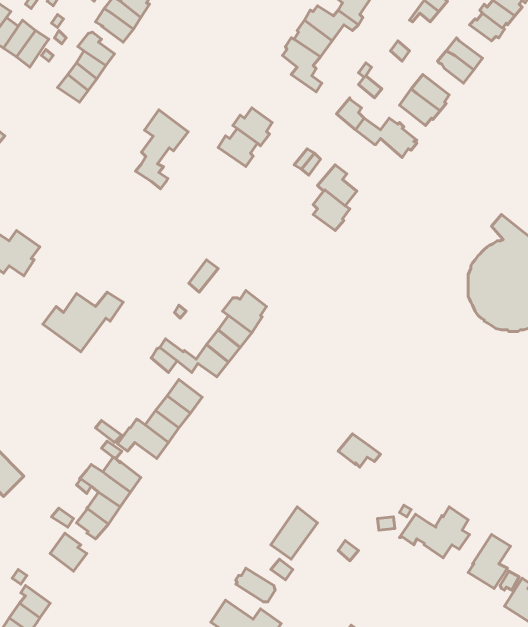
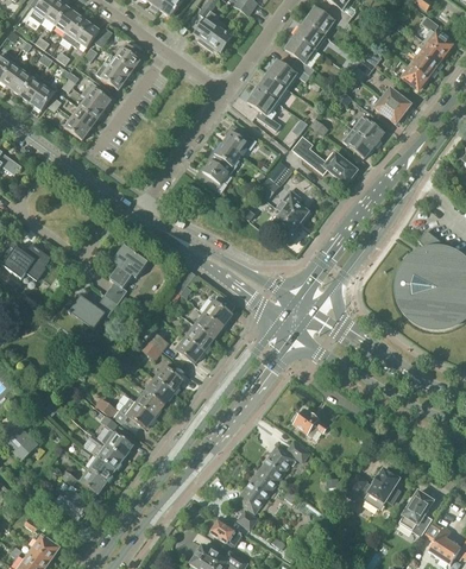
building: none -> [222,124,254,156]
building: [136,110,188,189] -> [105,244,147,308]
building: none -> [259,442,308,481]

